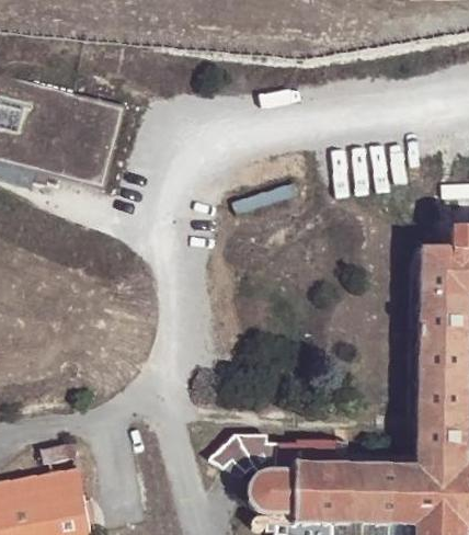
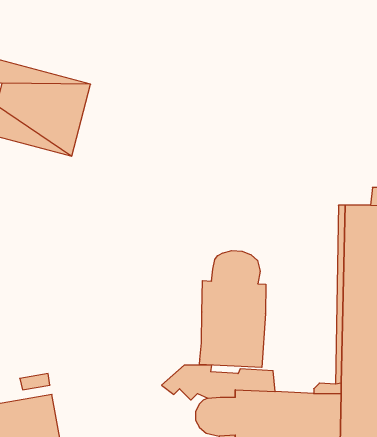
building: none -> [199,251,266,367]

